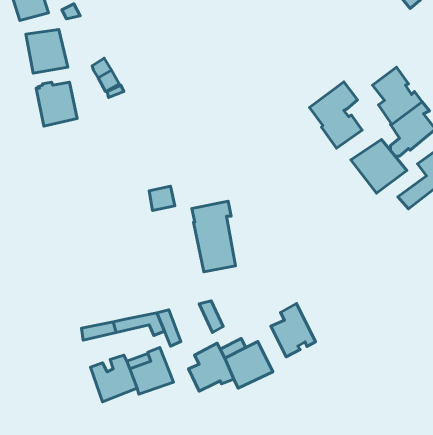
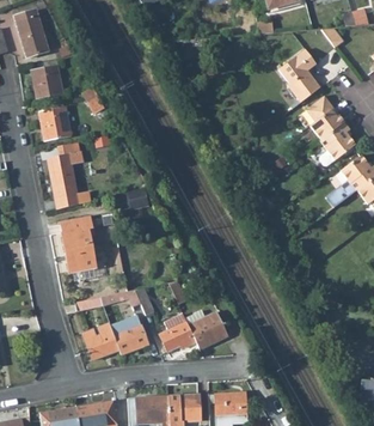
building: [309,82,362,148] -> [277,49,319,102]
building: none -> [49,144,90,208]
building: [351,140,407,193] -> none
building: [192,201,236,272] -> [60,215,94,272]
building: [271,303,316,357] -> none

